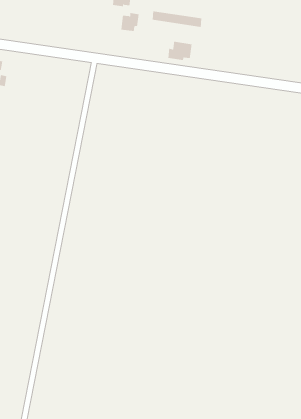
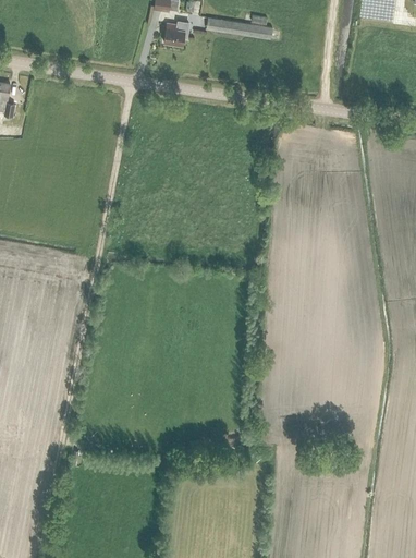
building: [168,41,192,61] -> none

